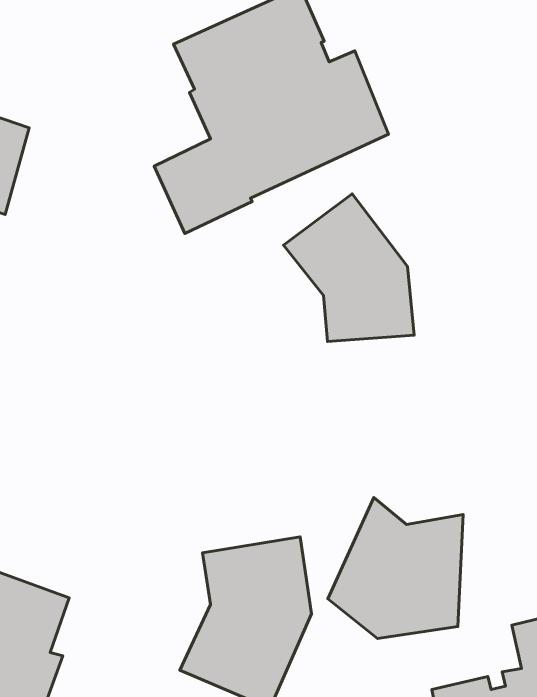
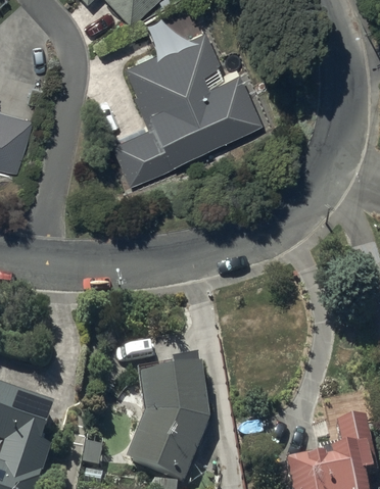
building: [284,194,414,341] -> none
building: [328,497,463,638] -> none

